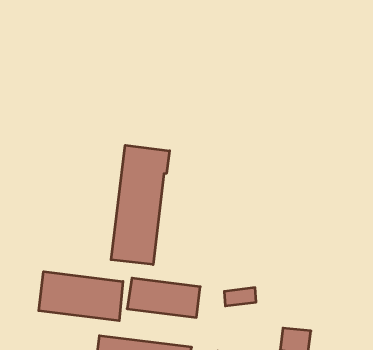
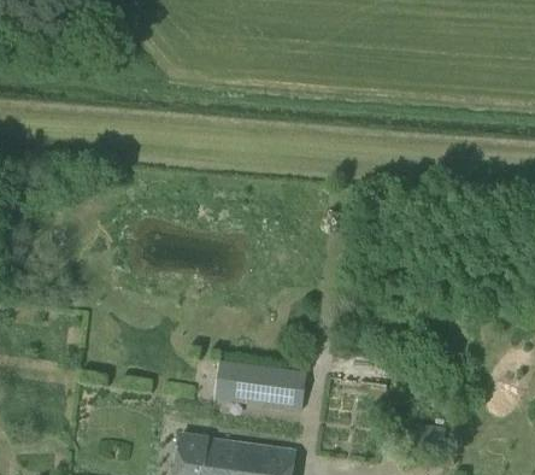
building: [111,145,170,265] -> none
building: [39,272,123,321] -> none

